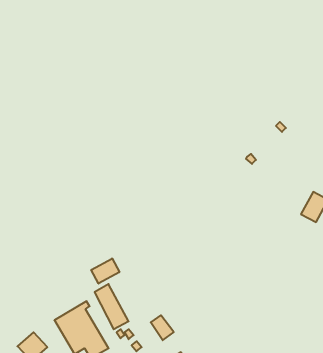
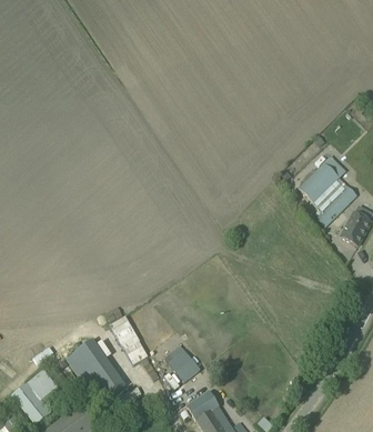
building: none -> [298,155,345,204]
building: none -> [311,185,356,228]
building: [91,258,119,284] -> none

